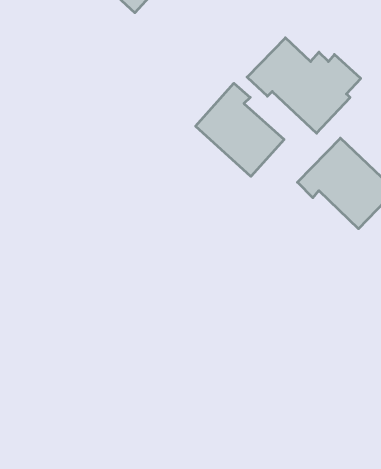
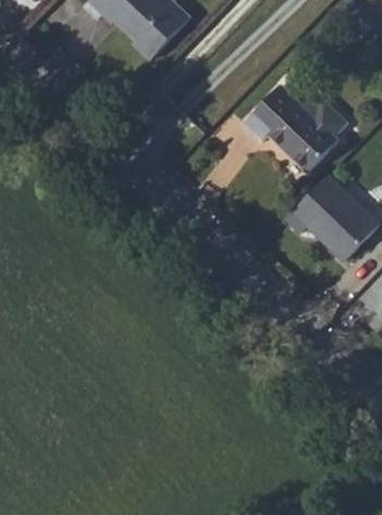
building: [196,83,284,176] -> none

